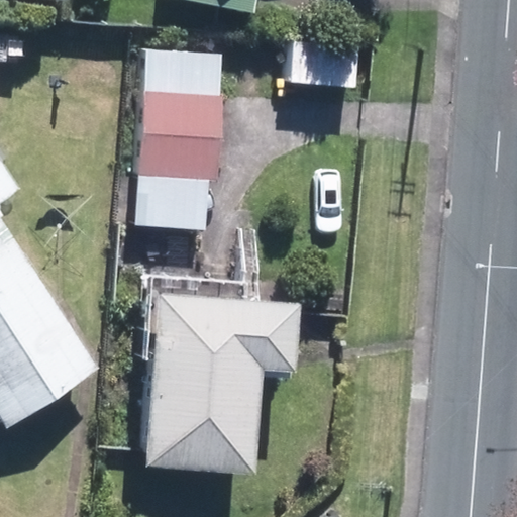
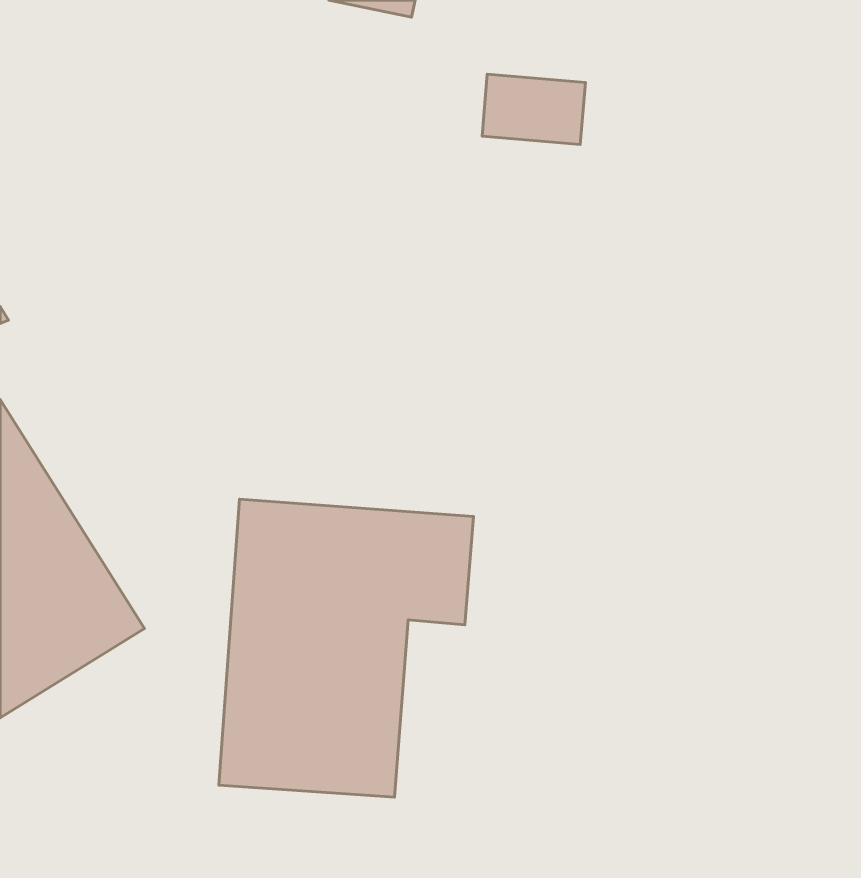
building: [145,53,221,175] -> none

